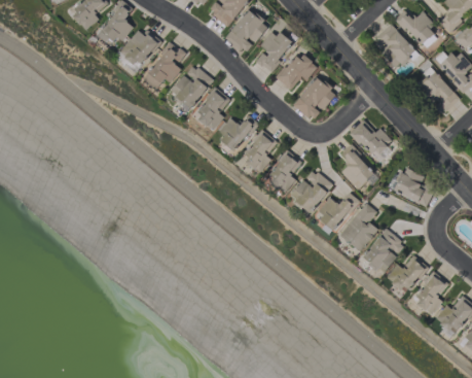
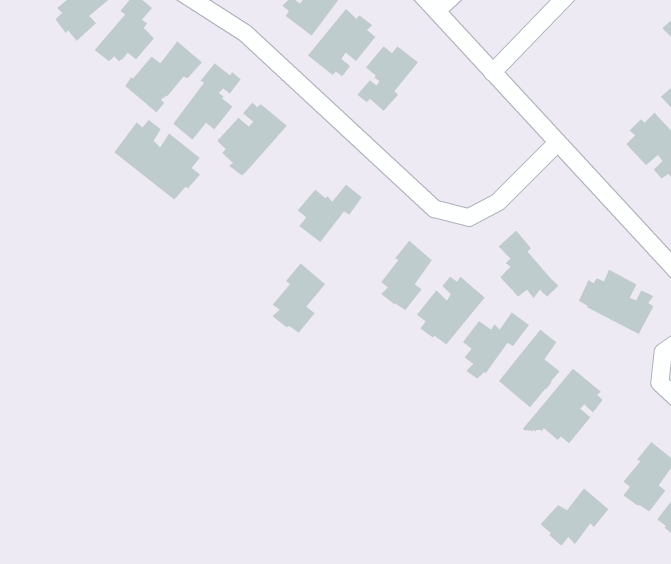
building: [394,10,437,47] -> none
building: [374,24,417,67] -> none
building: [276,55,317,90] -> none
building: [293,76,336,118] -> none
building: none -> [113,119,201,201]
building: [197,87,230,130] -> none
building: [349,119,392,162] -> none
building: [245,129,278,172] -> [272,262,326,334]
building: [387,254,429,290] -> [539,487,609,547]

